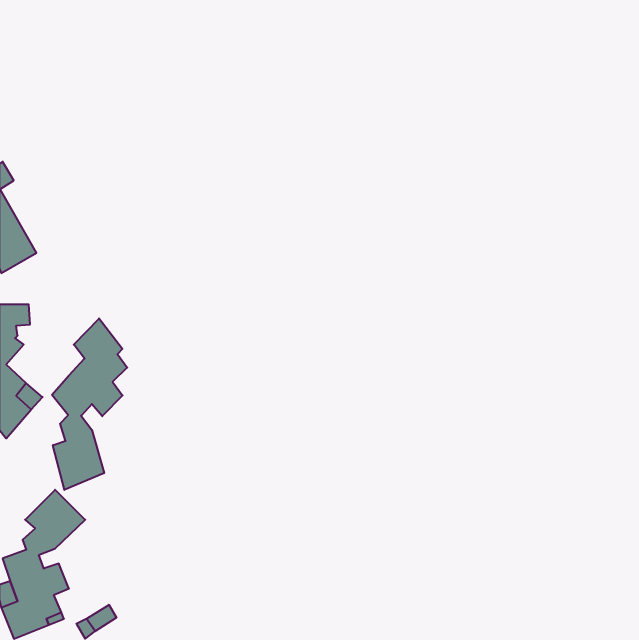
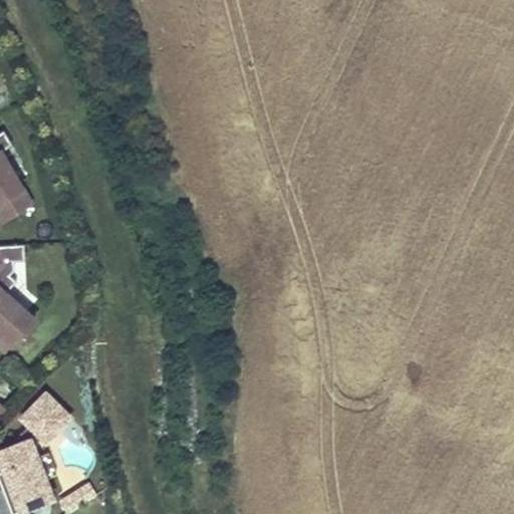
building: [52,318,127,490] -> none

